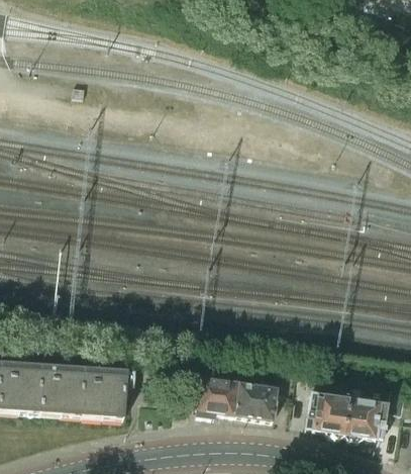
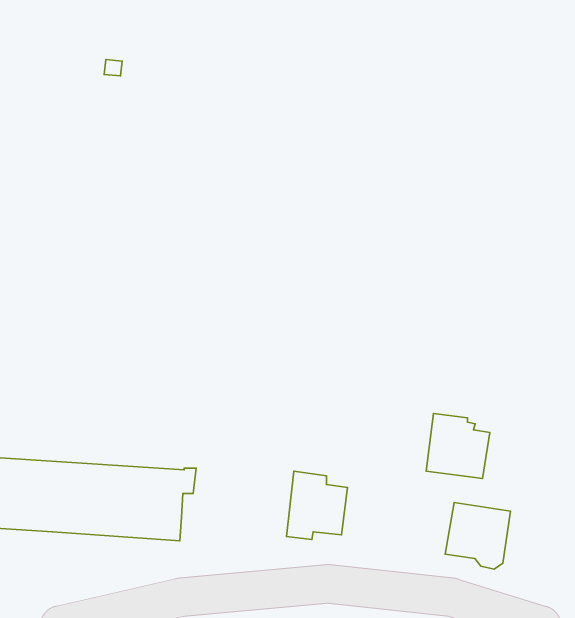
building: [233,374,277,418] -> [426,413,490,479]
building: [343,397,387,440] -> none

